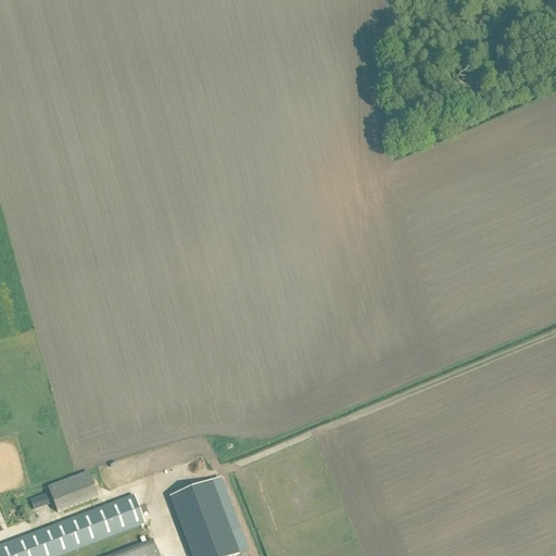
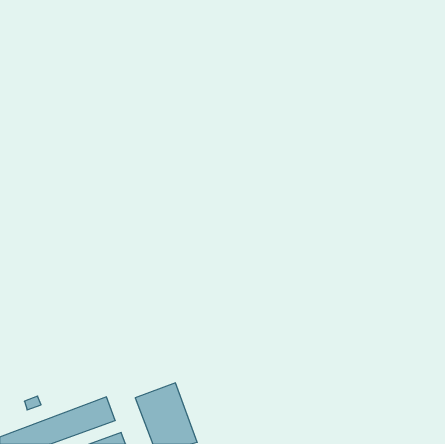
building: [47,470,97,510] -> none

